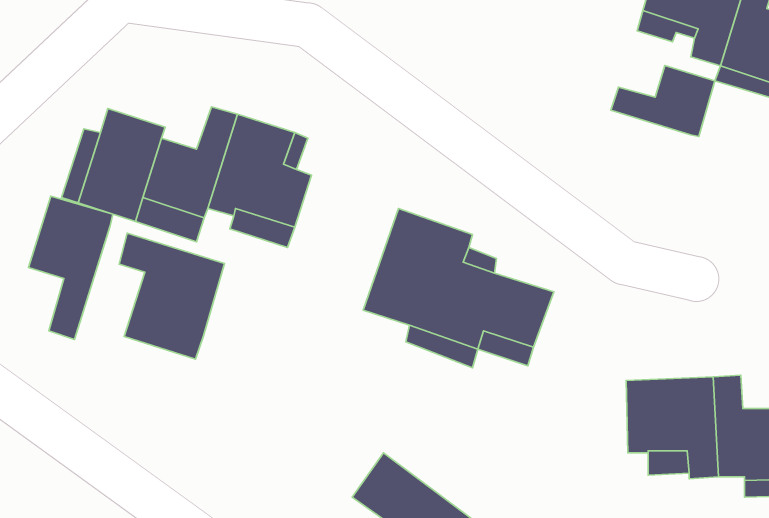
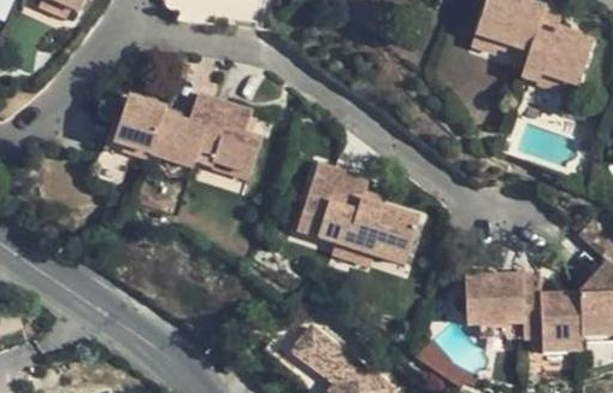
building: [611,65,715,136] -> none
building: [28,196,113,340] -> none
building: [119,233,225,359] -> none

